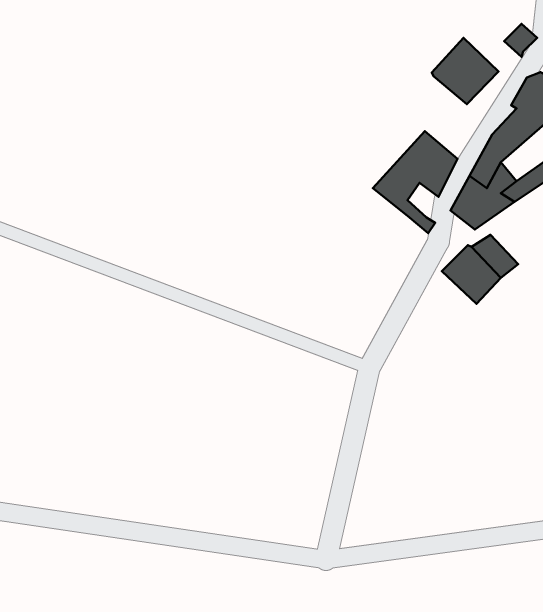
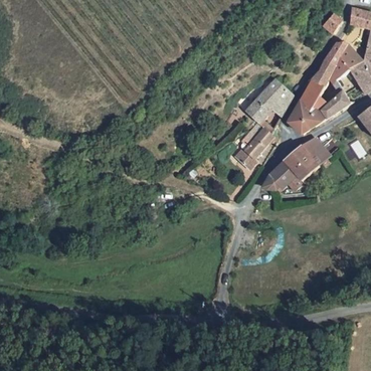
building: [432,38,499,104] -> none
building: none -> [232,127,277,169]
building: none -> [260,162,307,190]

